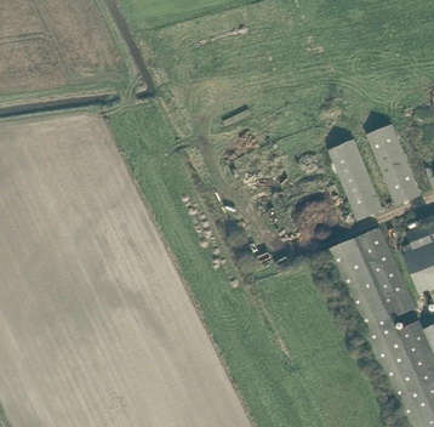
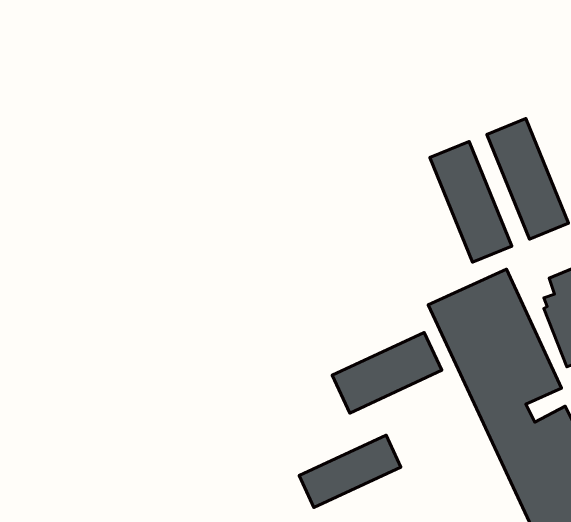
building: none -> [332,332,442,413]
building: none -> [299,435,401,507]

